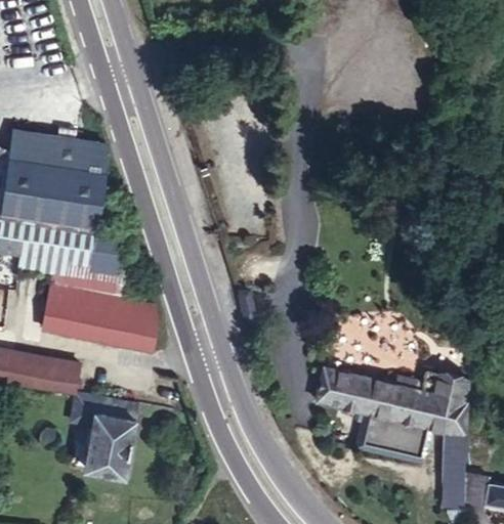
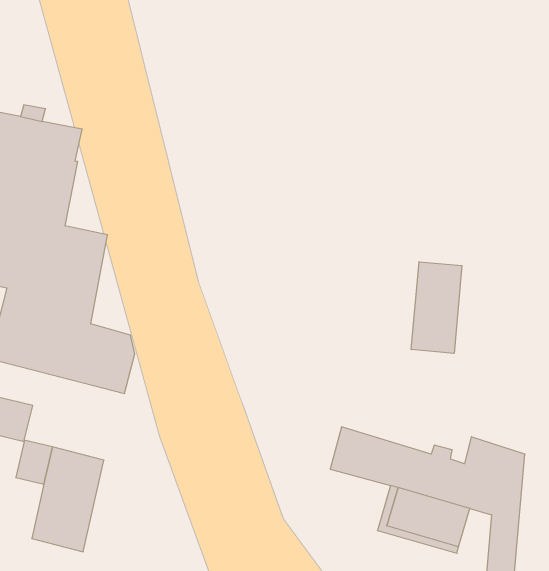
building: none -> [411,262,462,353]

